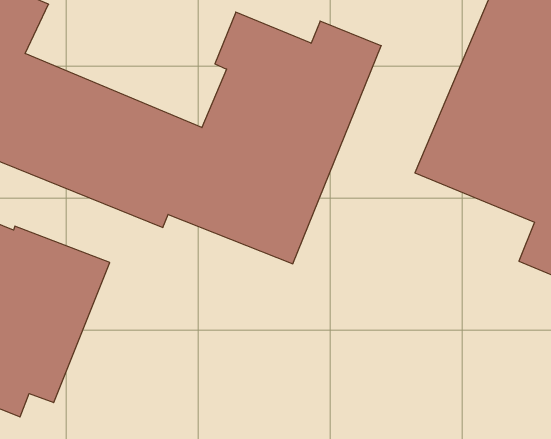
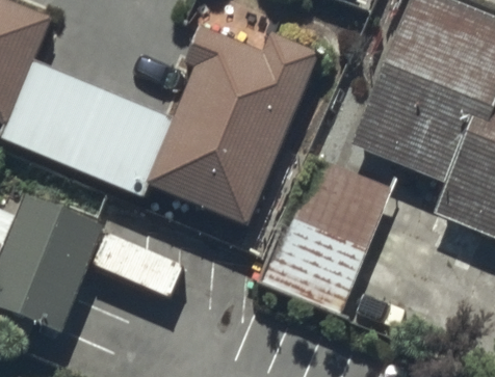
building: none -> [254,159,389,320]

